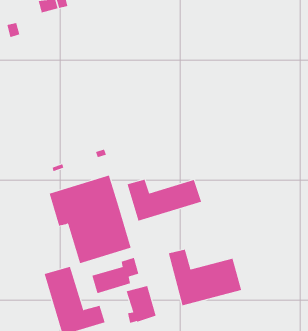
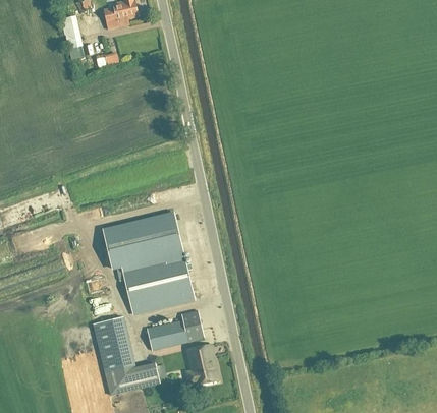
building: [127,179,202,222] -> none
building: [168,249,242,306] -> none

